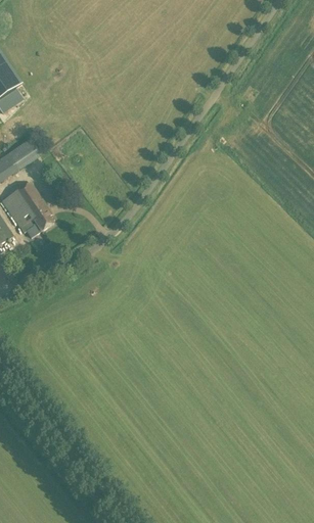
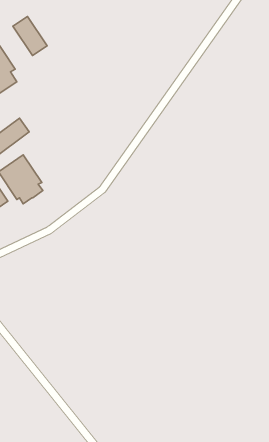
building: none -> [13,16,47,56]

